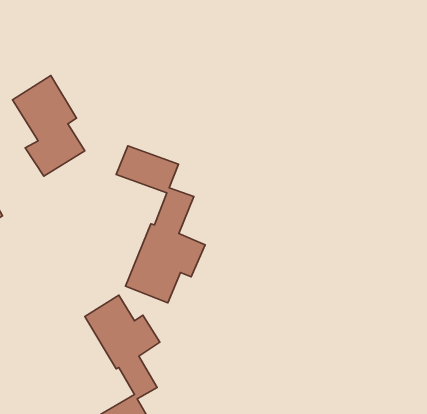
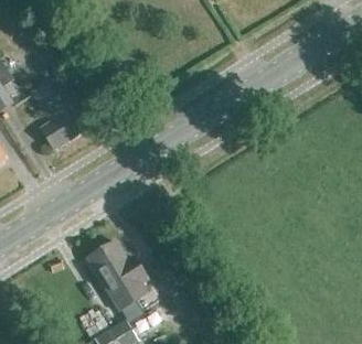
building: [116,146,205,303] -> none

